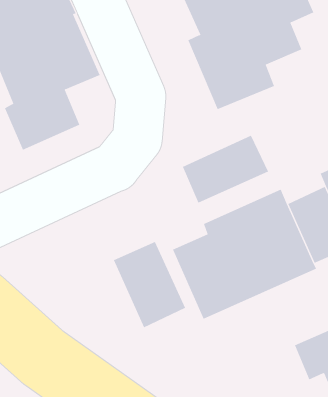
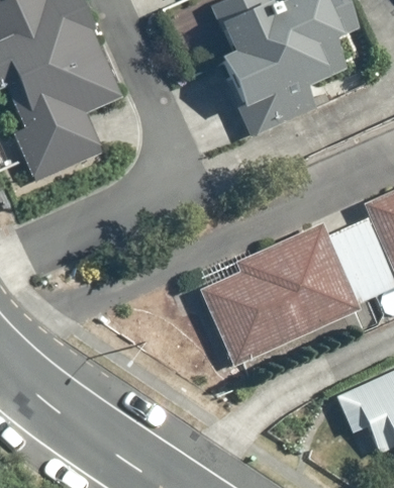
building: [182,135,269,204] -> none
building: [113,241,186,328] -> none

